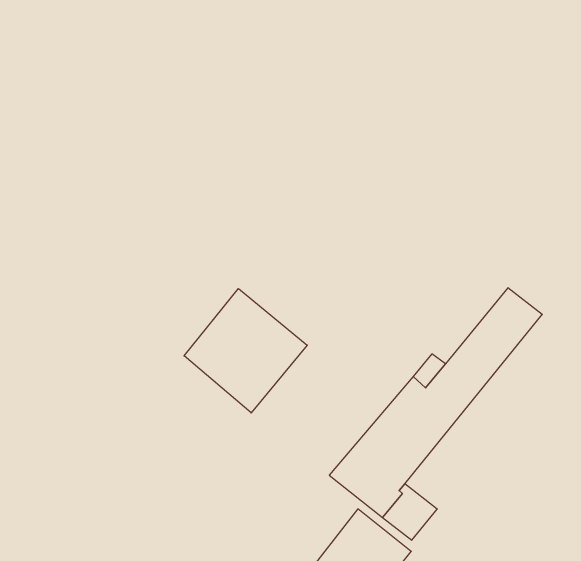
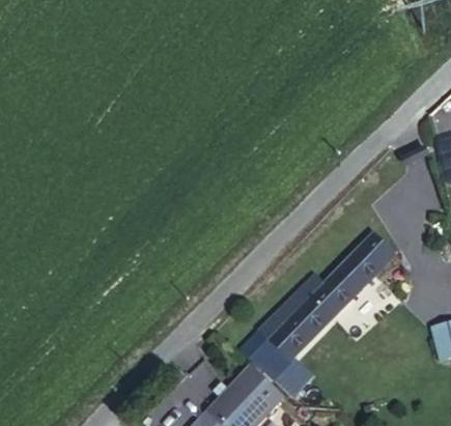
building: [184,289,307,413] -> none

